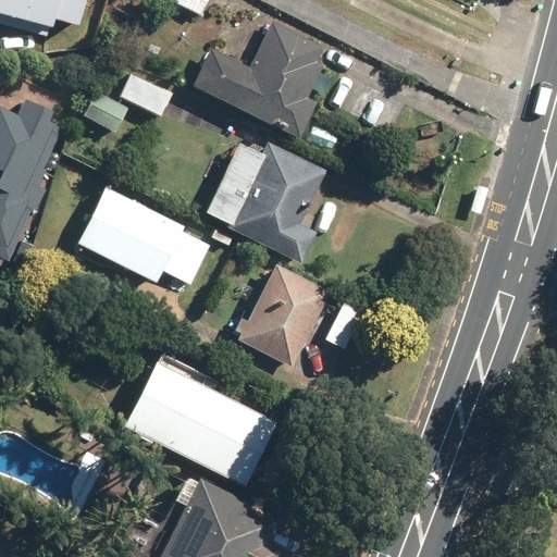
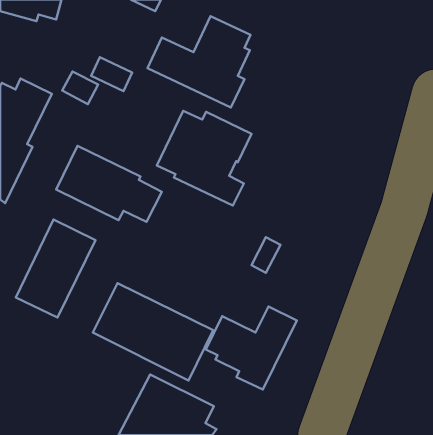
building: [237,264,329,366] -> none
building: none -> [16,219,95,317]
building: none -> [206,306,297,390]

